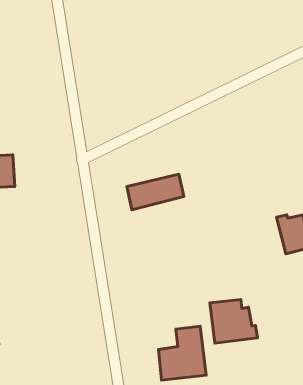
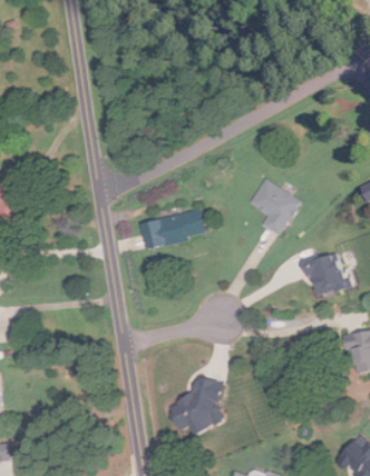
building: none -> [246,179,298,236]
building: [210,300,258,343] -> none

